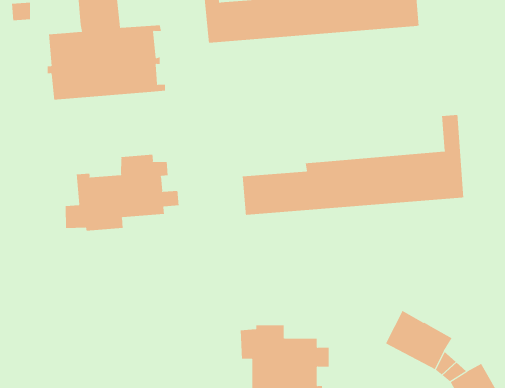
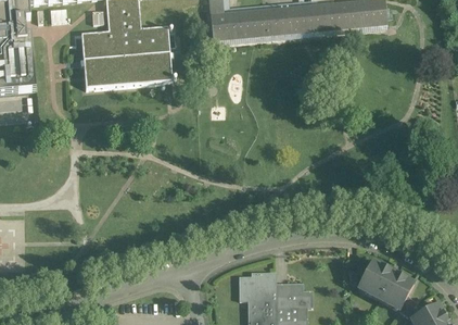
building: [242,114,464,216] -> none
building: [65,154,179,231] -> none

